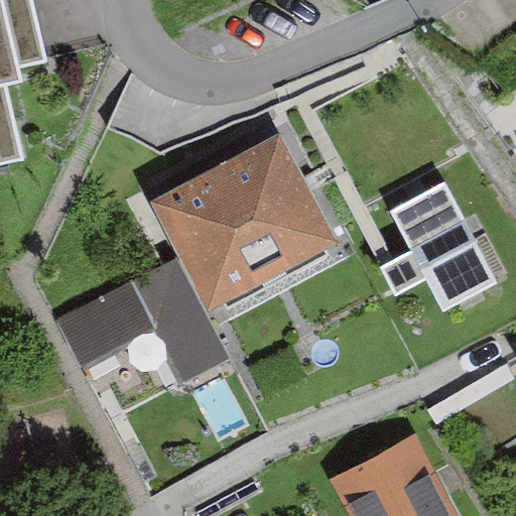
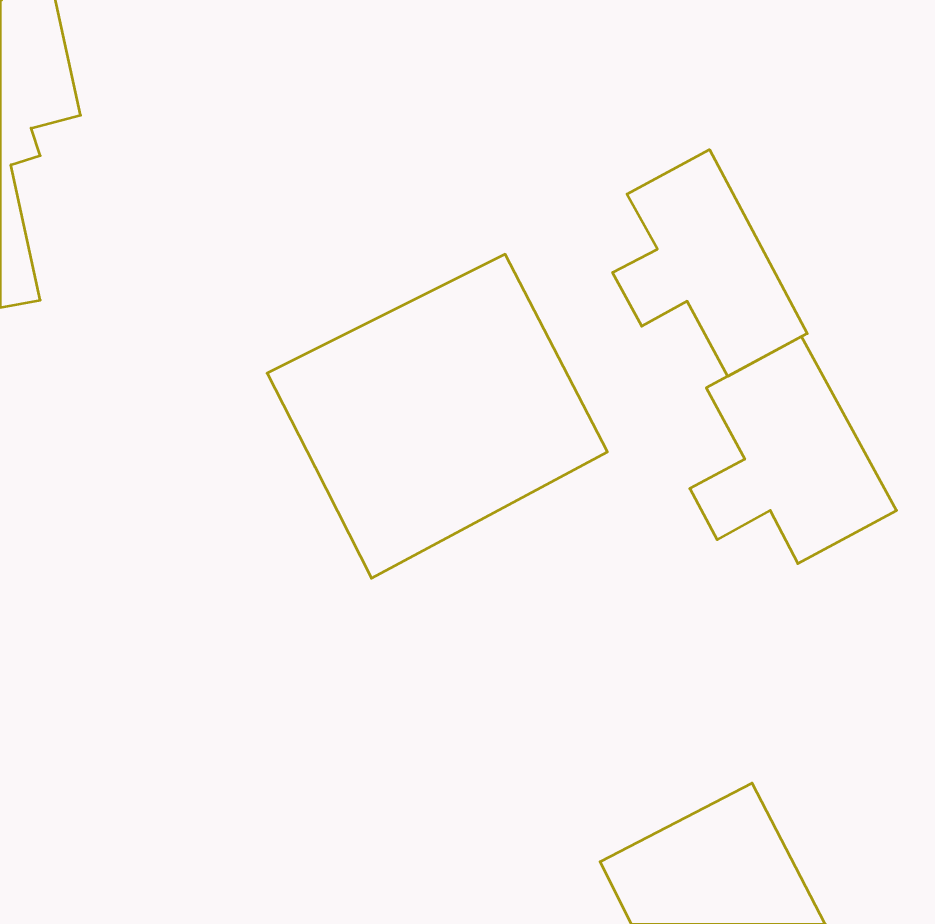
building: none -> [613,150,807,376]
building: [56,257,226,380] -> none

